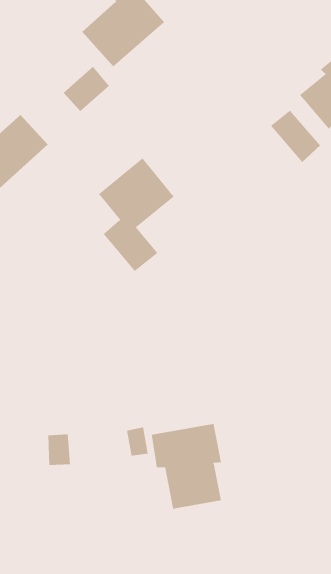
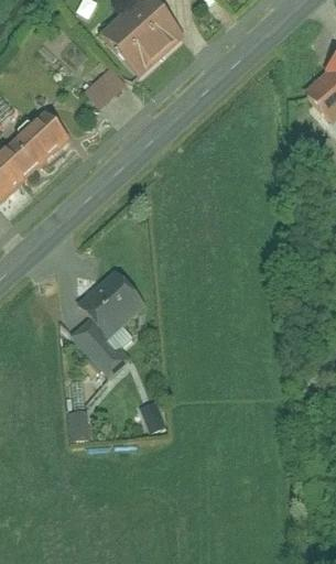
building: [270,110,321,163] -> none
building: [98,158,175,272] -> [73,269,144,376]
building: [151,423,222,509] -> none

